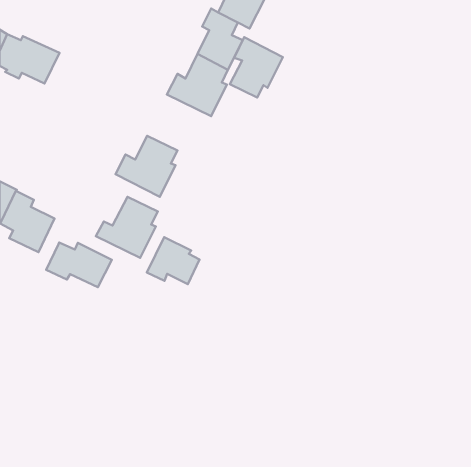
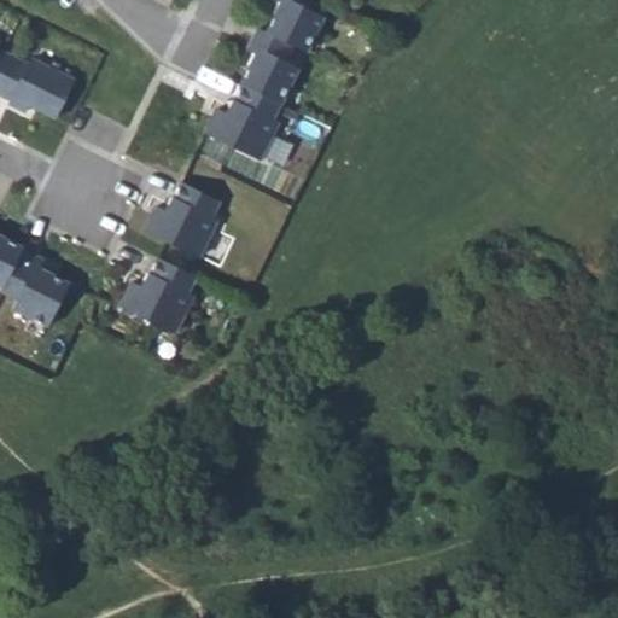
building: [230,37,283,97] -> none
building: [147,237,199,284] -> none
building: [46,243,112,287] -> none

